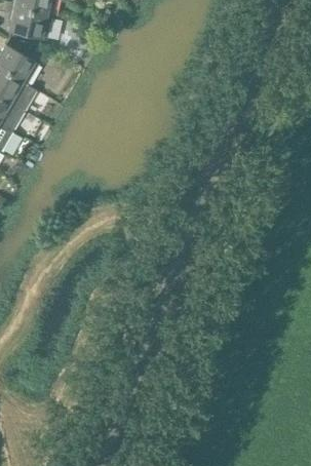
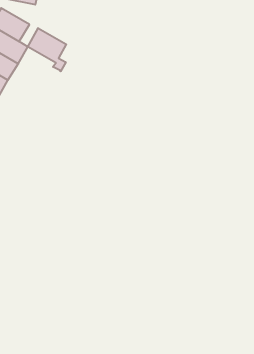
building: none -> [28,28,66,71]

